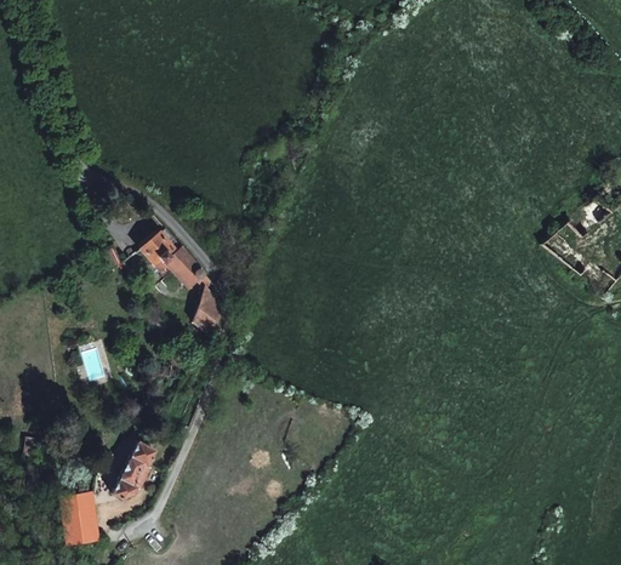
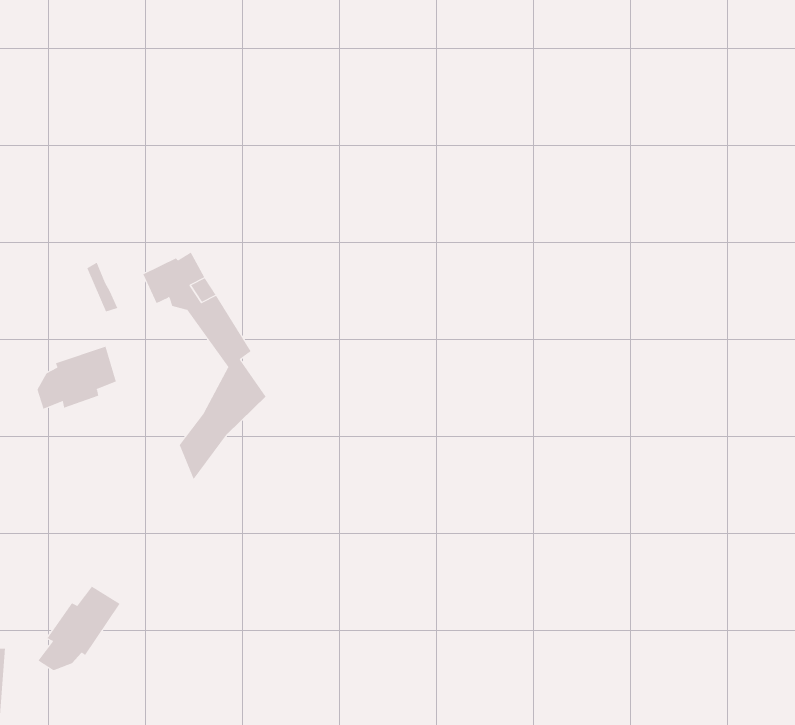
building: none -> [37,346,117,410]

